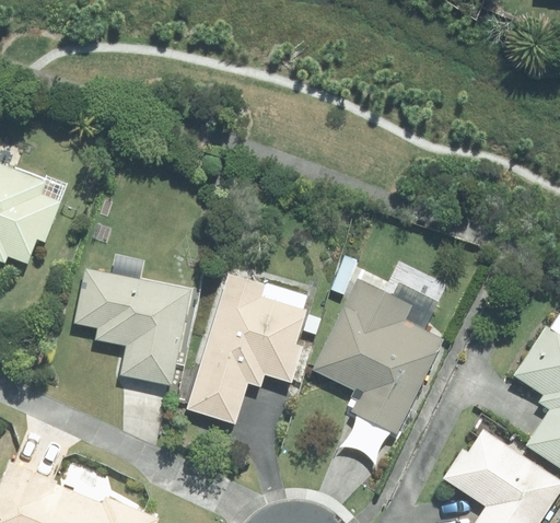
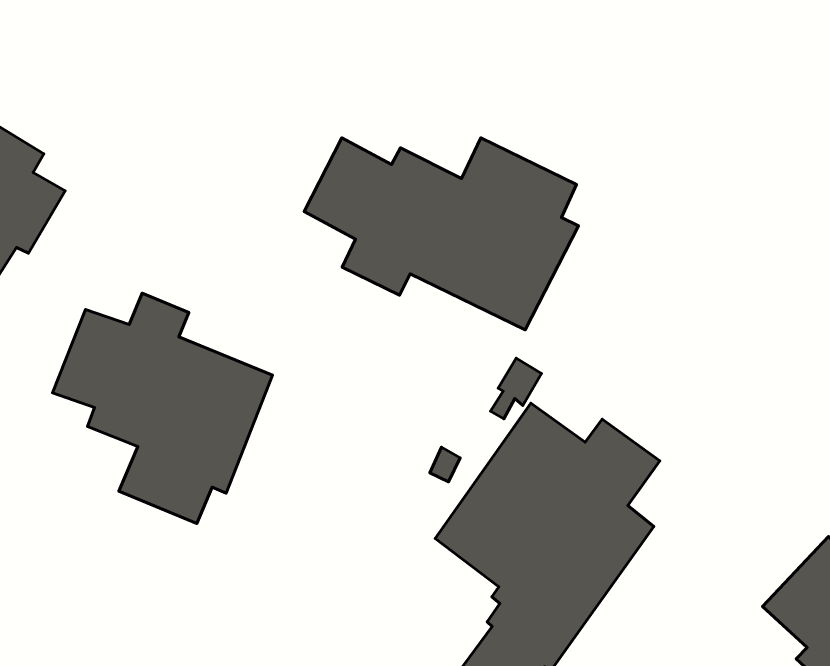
building: none -> [304,138,579,330]
building: [187,275,305,423] -> none

